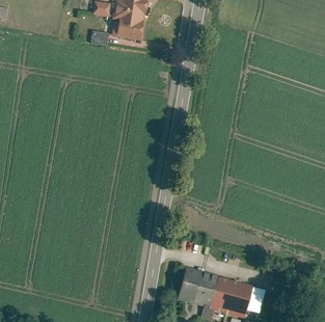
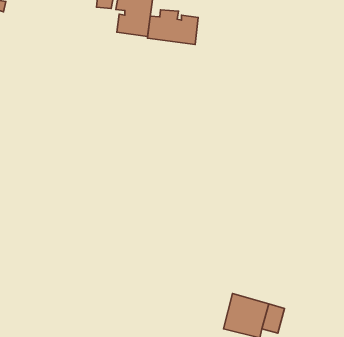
building: none -> [147,10,198,45]
building: [178,268,218,308] -> none

